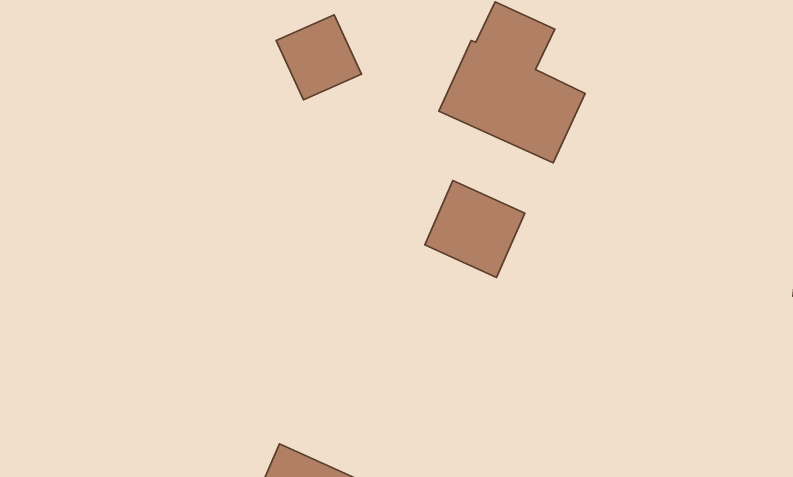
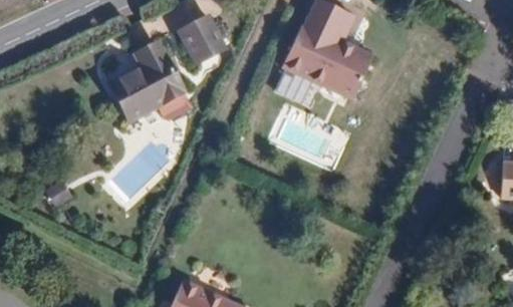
building: none -> [106,39,192,119]
building: [425,181,525,278] -> none

